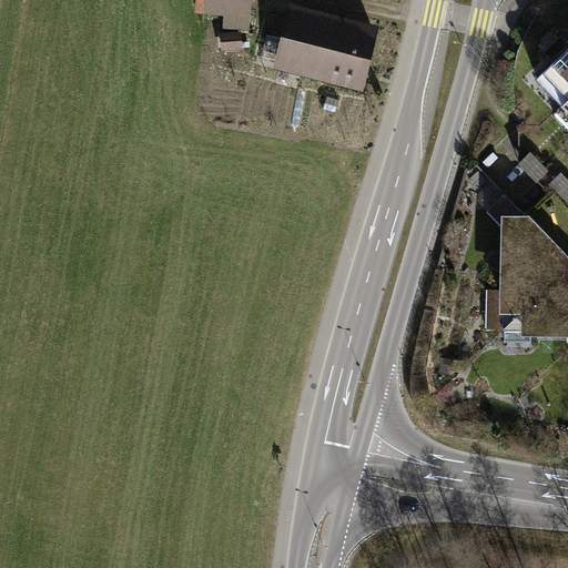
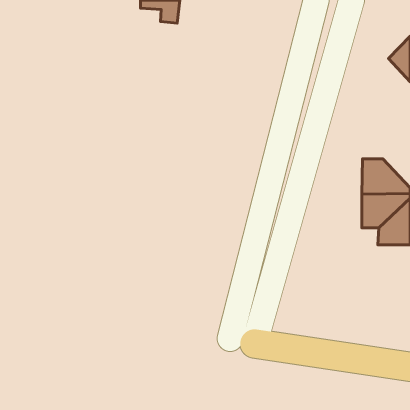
building: [272,8,376,85] -> none

